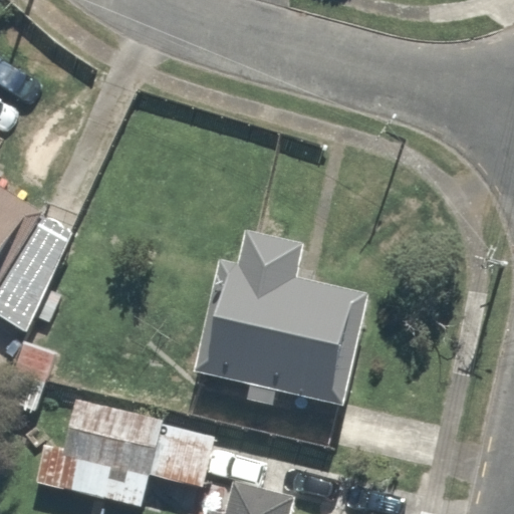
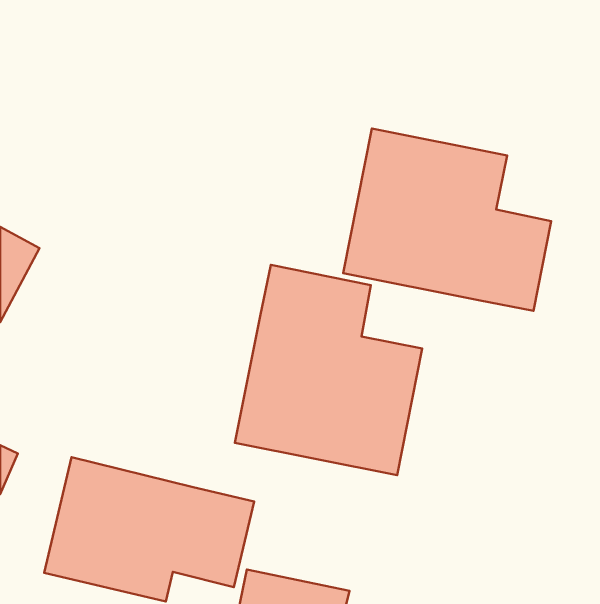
building: none -> [343,128,551,311]

